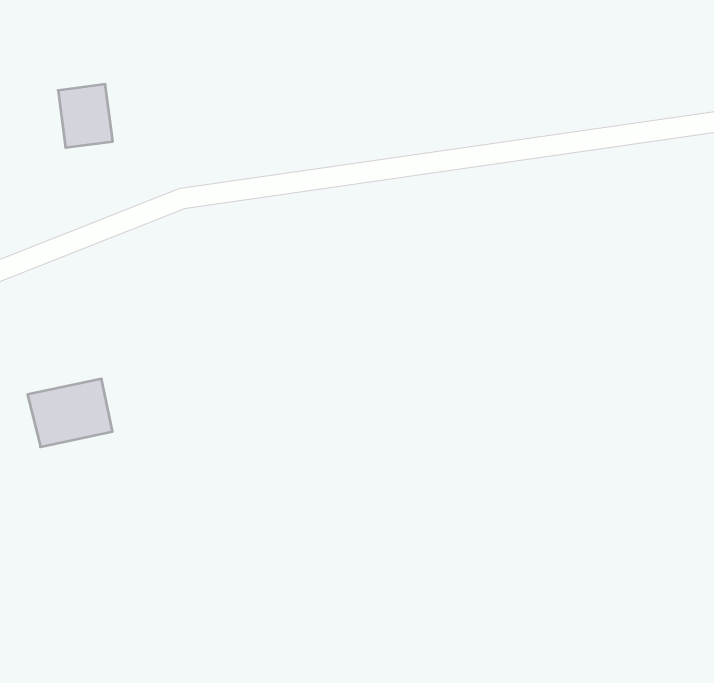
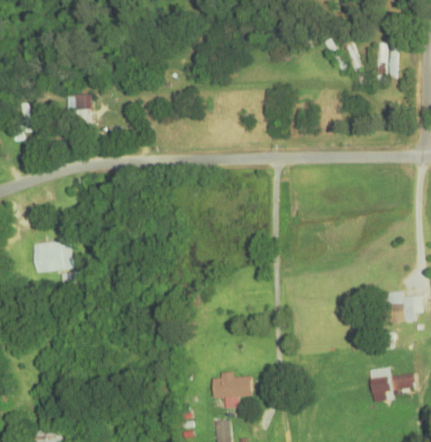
building: none -> [212,373,252,408]

